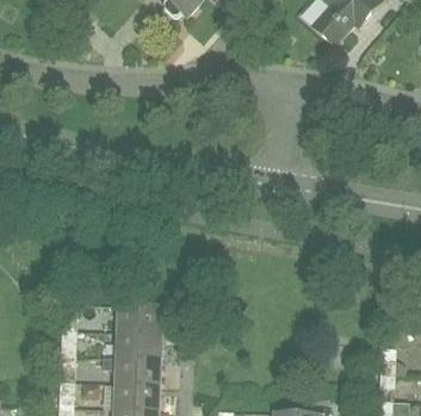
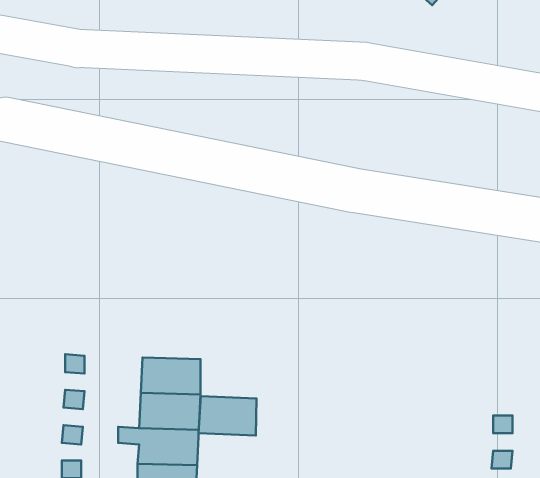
building: none -> [199,396,257,436]

